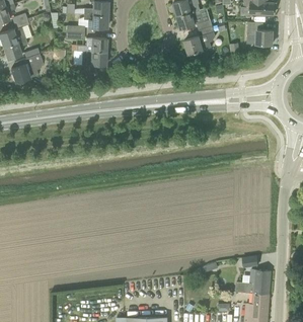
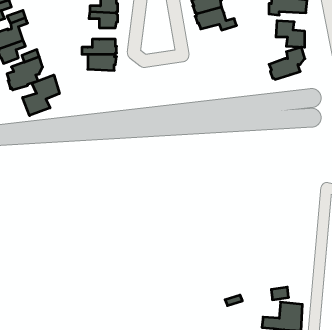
building: [183,26,215,55] -> [269,47,305,79]
building: none -> [23,75,59,116]

